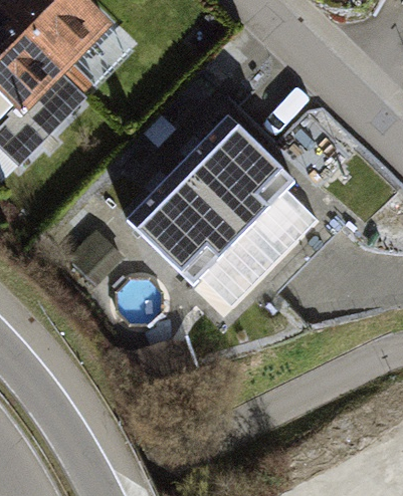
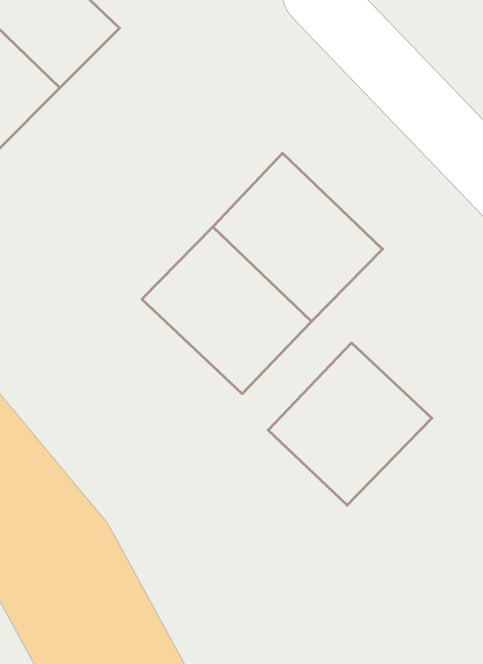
building: none -> [268,343,432,505]

